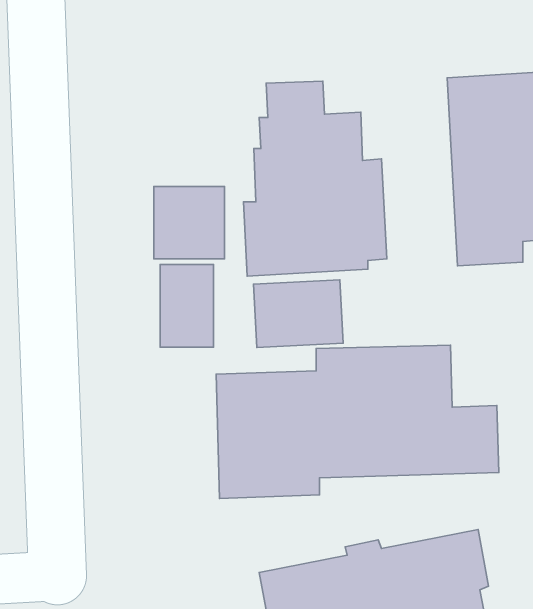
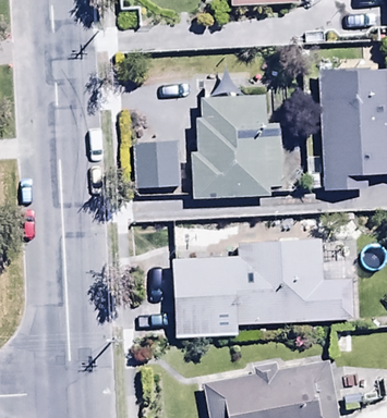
building: [160,264,214,347] -> none
building: [254,280,343,348] -> none

